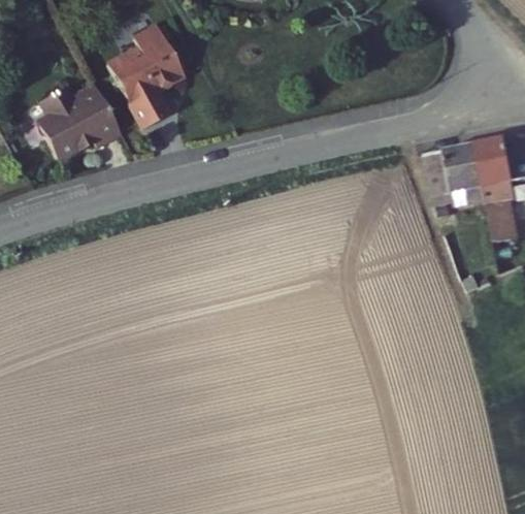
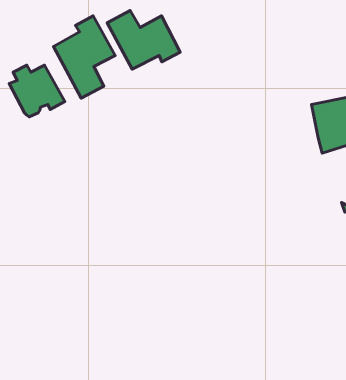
building: none -> [107,11,180,69]

